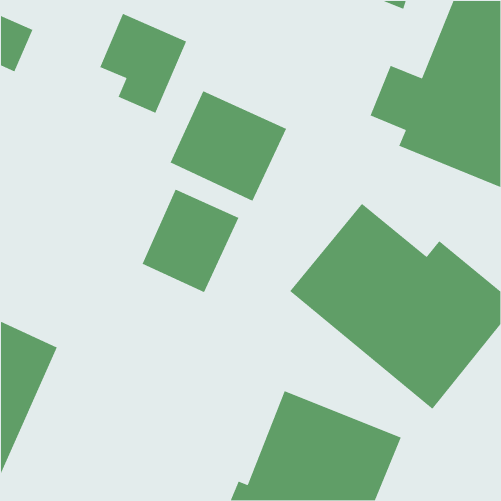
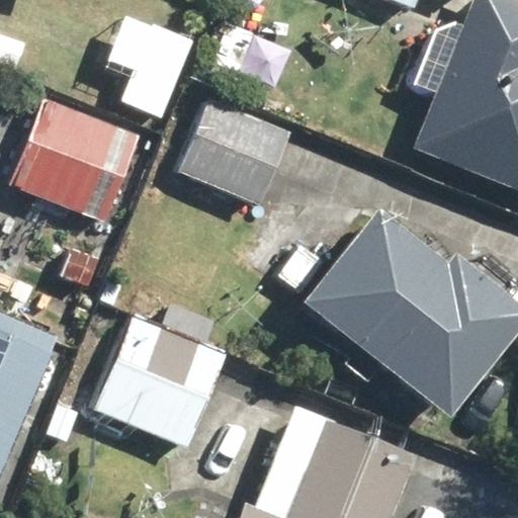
building: none -> [12,100,138,221]
building: [141,189,239,293] -> none
building: none -> [92,301,227,447]

